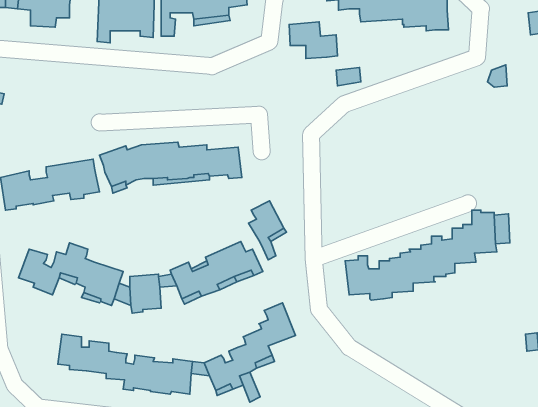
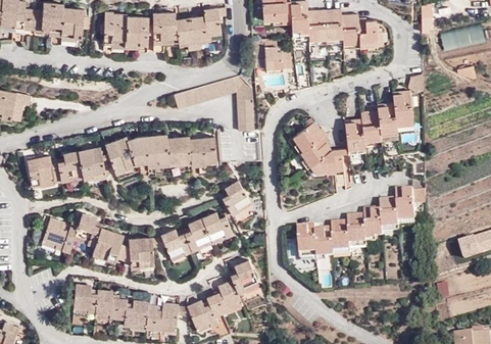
building: none -> [174,76,253,131]
building: none -> [346,92,413,150]
building: none -> [293,121,343,174]

